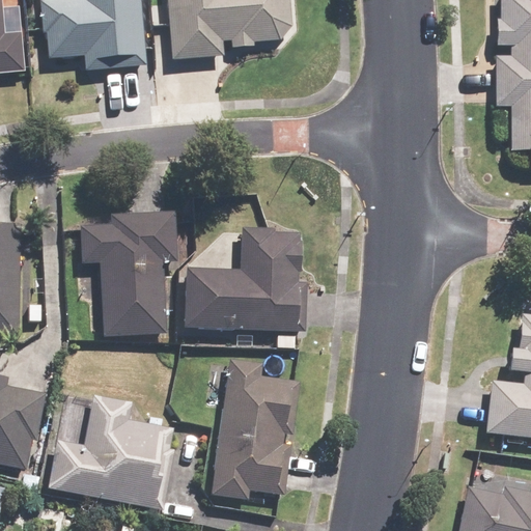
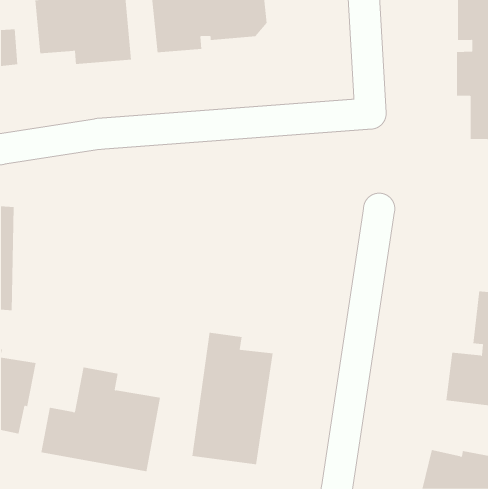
building: [81,212,176,334] -> none
building: [183,226,307,330] -> none

